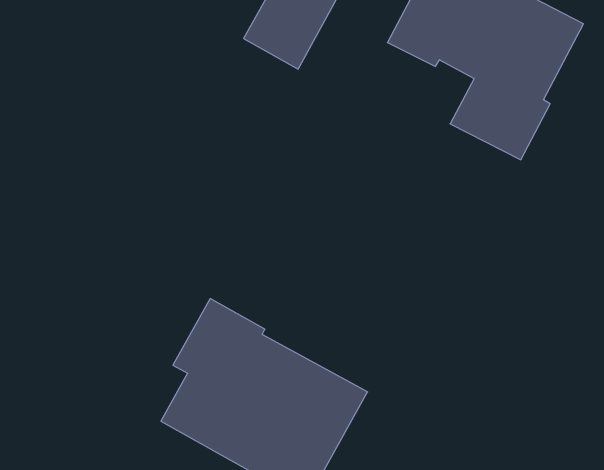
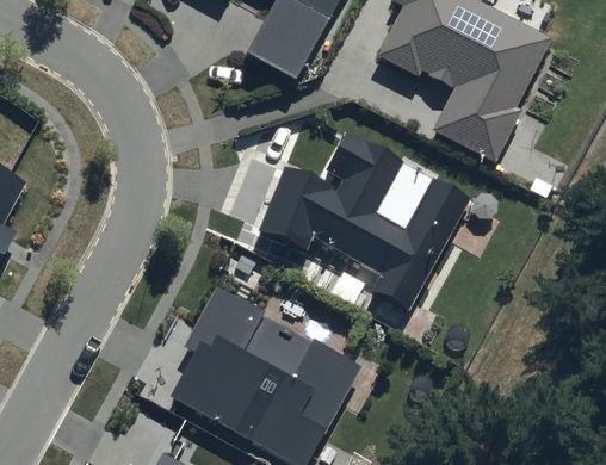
building: none -> [259,130,470,310]

